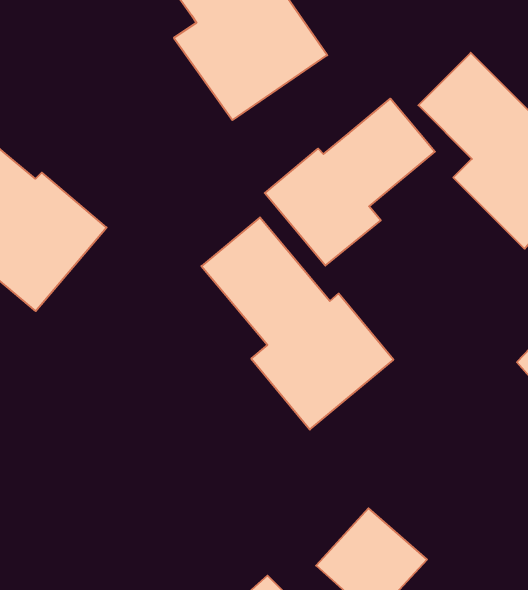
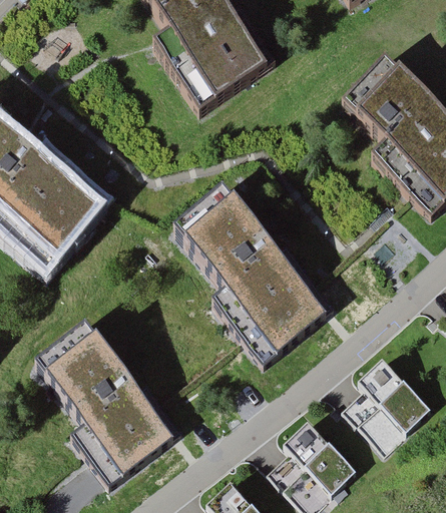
building: [265,99,435,266] -> none
building: none -> [45,328,173,486]
building: none -> [337,357,433,452]

